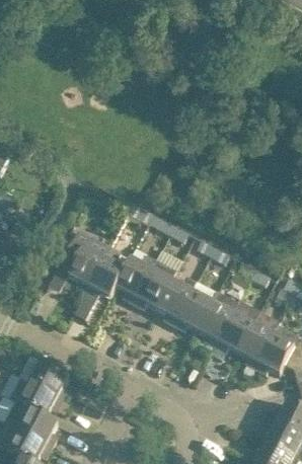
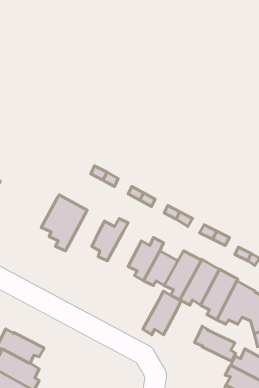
building: [70,247,126,320] -> none
building: [129,261,171,310] -> [143,291,181,335]
building: [24,363,64,401] -> none
building: none -> [195,326,235,361]

